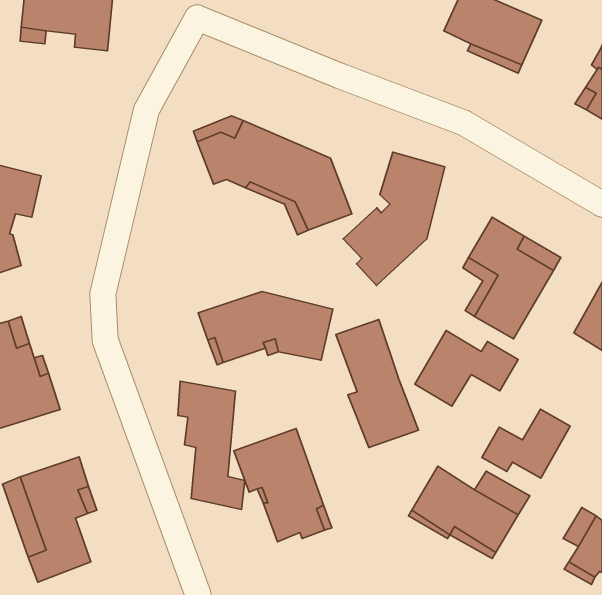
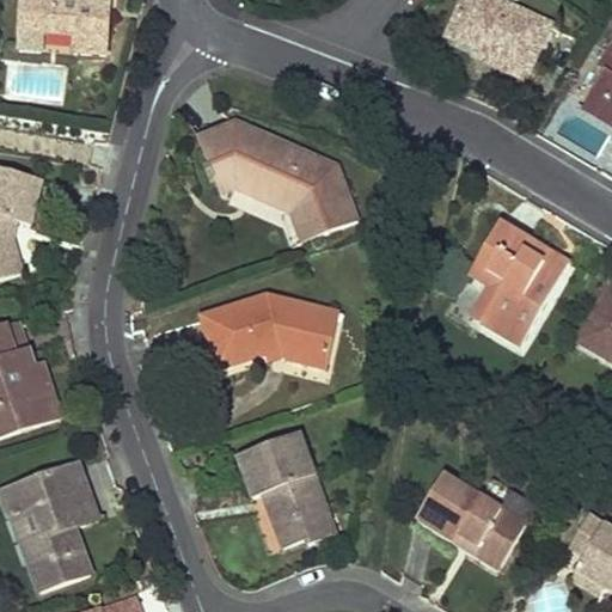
building: [343,152,445,286] -> none
building: [336,320,418,447] -> none
building: [415,331,518,406] -> none
building: [178,381,245,509] -> none
building: [482,409,570,478] -> none

